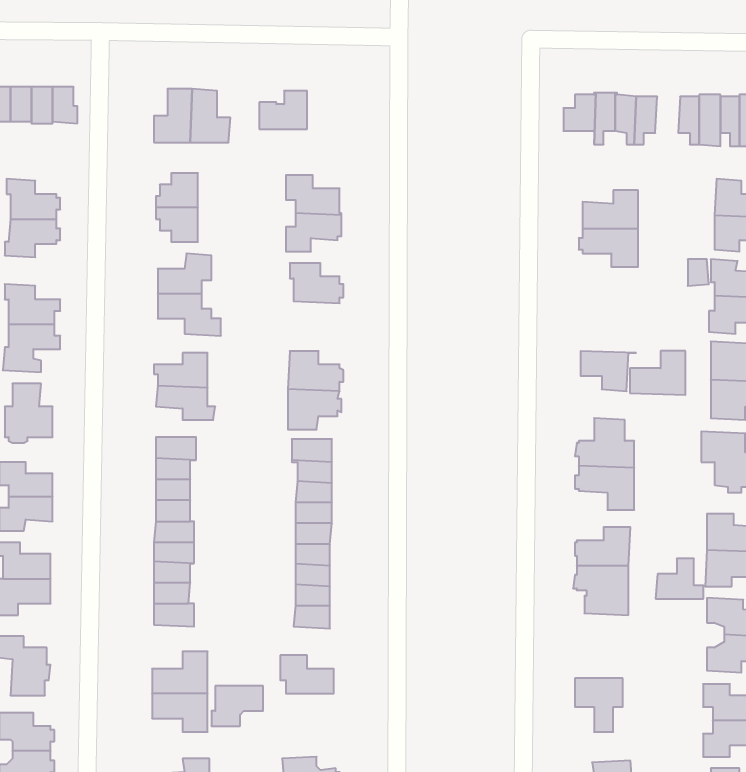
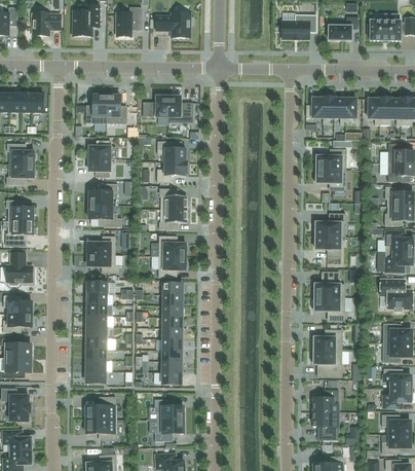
building: none -> [168,96,193,117]
building: none -> [159,209,188,229]
building: [630,351,685,395] -> [315,213,345,237]
building: [656,559,703,599] -> [312,390,338,411]
building: [211,686,263,726] -> [155,420,183,441]

